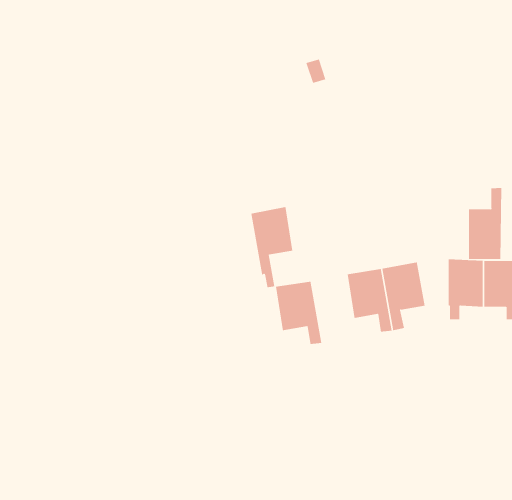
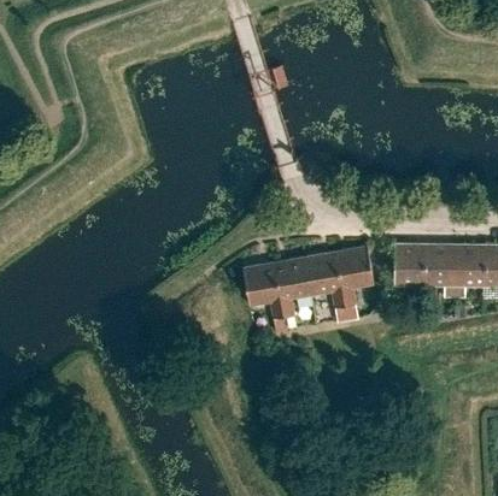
building: [468,187,502,260] -> none
building: [250,207,293,288] -> [275,256,312,327]

